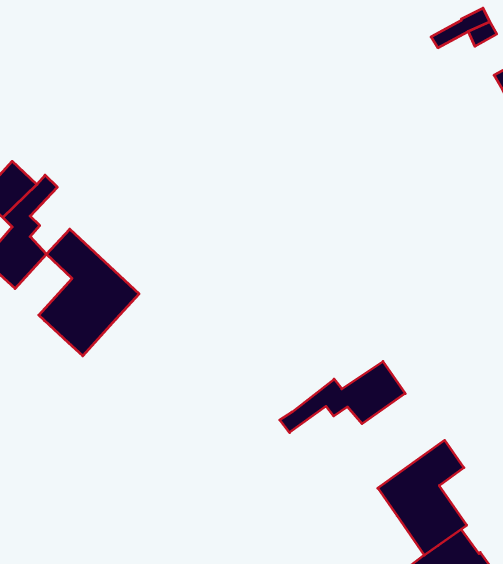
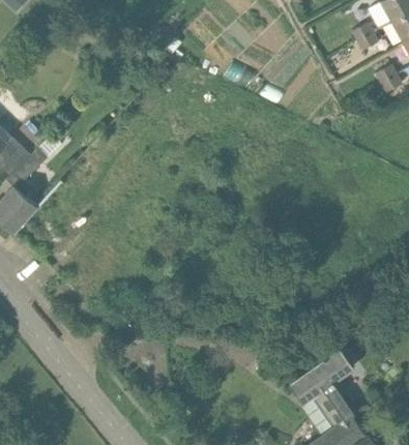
building: [39,229,139,356] -> none
building: [280,361,405,433] -> none

